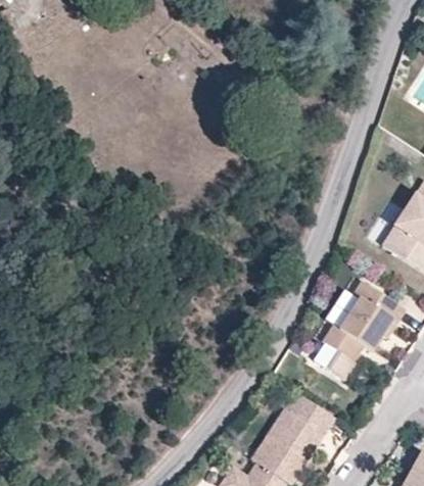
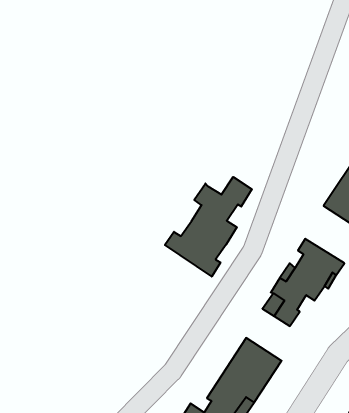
building: none -> [165,177,252,277]

